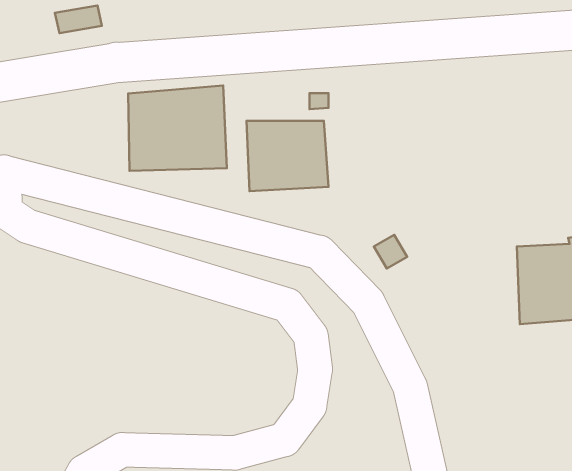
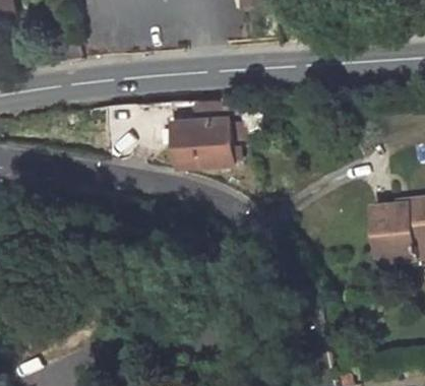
building: [128,86,227,171] -> none

